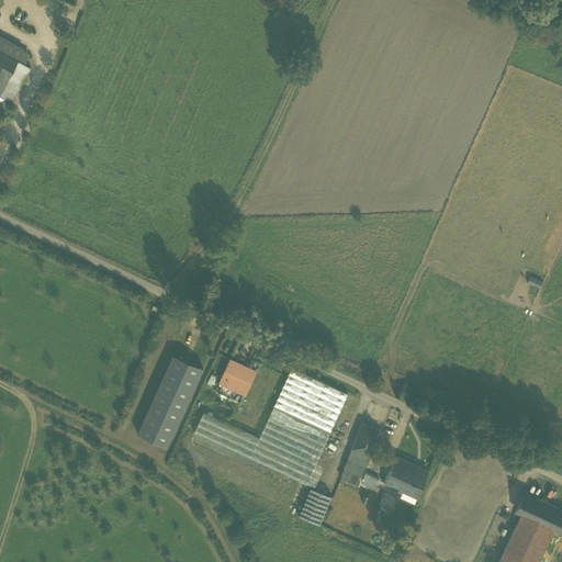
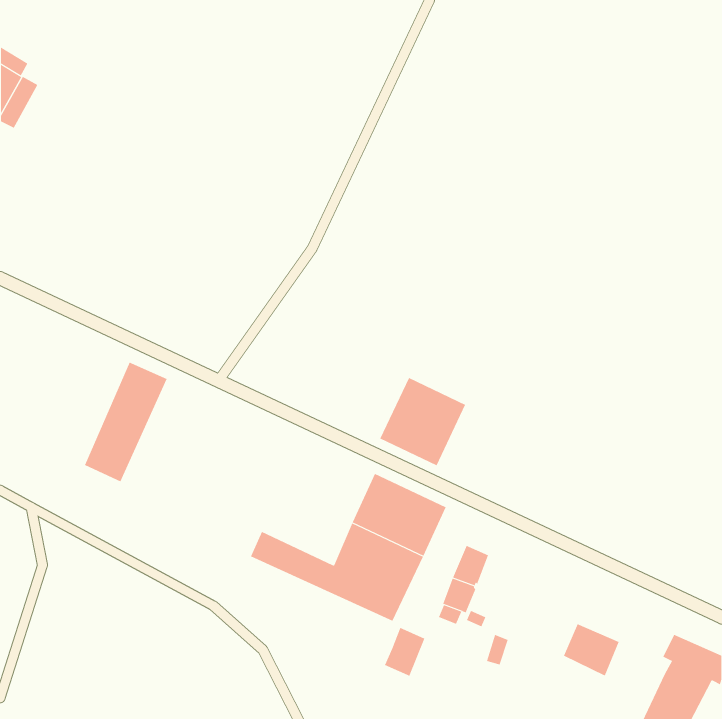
building: none -> [380,377,466,466]
building: [137,356,202,449] -> [84,362,167,482]
building: [221,362,254,394] -> none
building: [384,460,428,501] -> [563,624,620,676]

